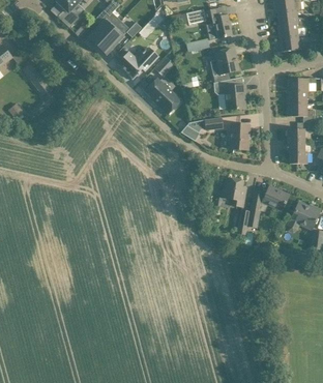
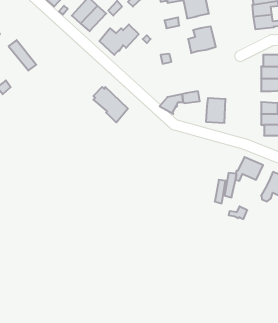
building: [144,77,180,114] -> [93,87,128,122]
building: [213,77,246,109] -> none
building: [222,177,246,206] -> none

